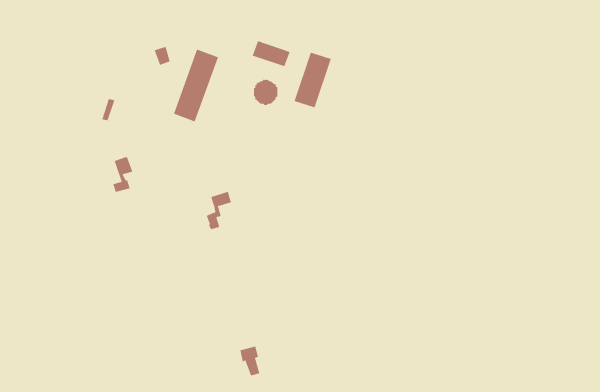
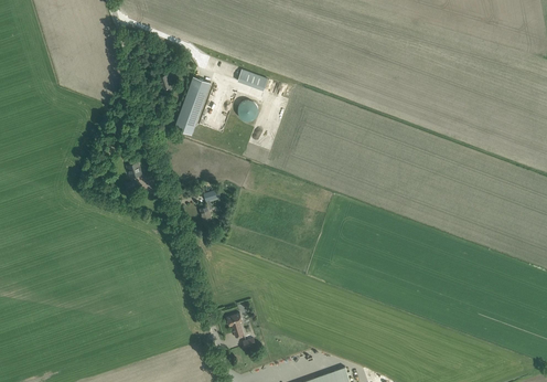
building: [294,52,331,108] -> none

